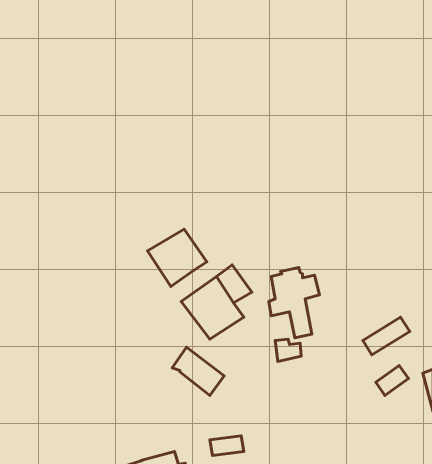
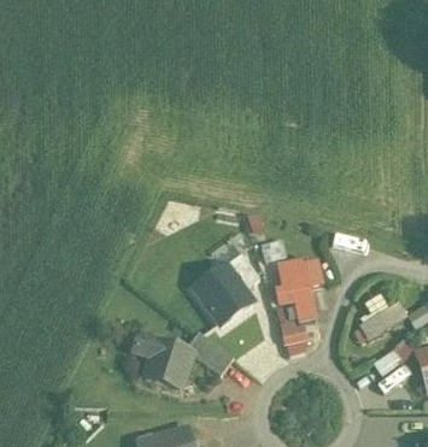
building: [147,229,207,286] -> none
building: none -> [135,334,193,388]

